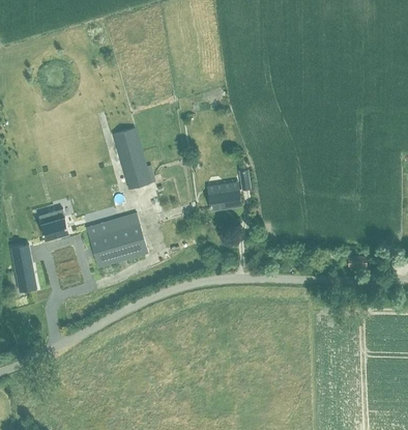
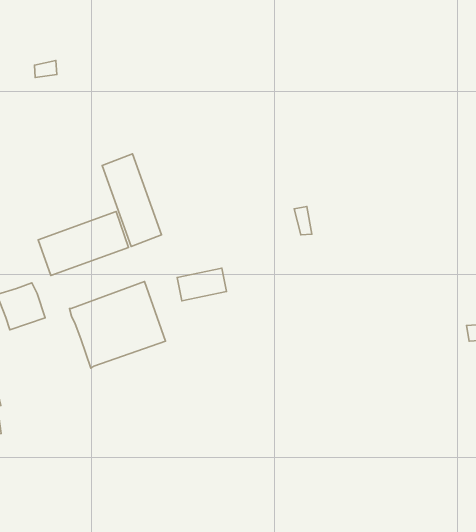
building: none -> [38,212,129,275]
building: [209,190,241,209] -> [177,268,227,301]

